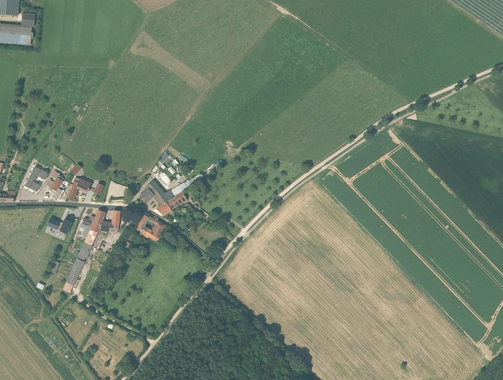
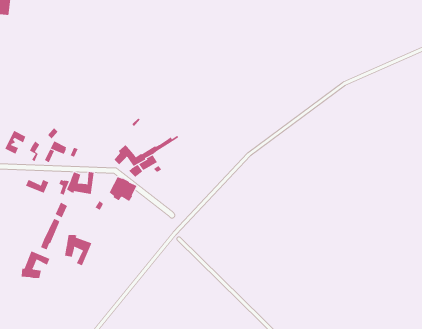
building: none -> [64,234,92,266]
building: none -> [21,251,50,279]

